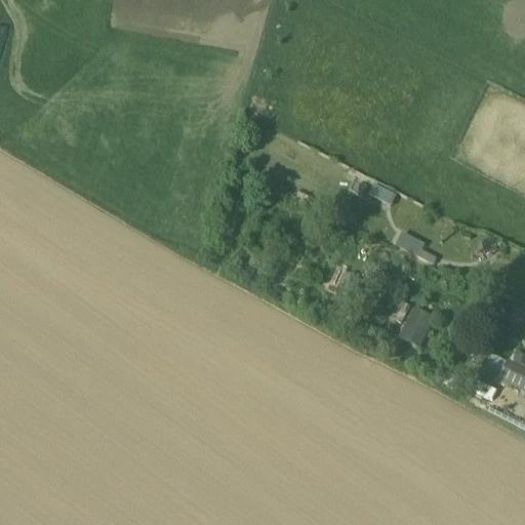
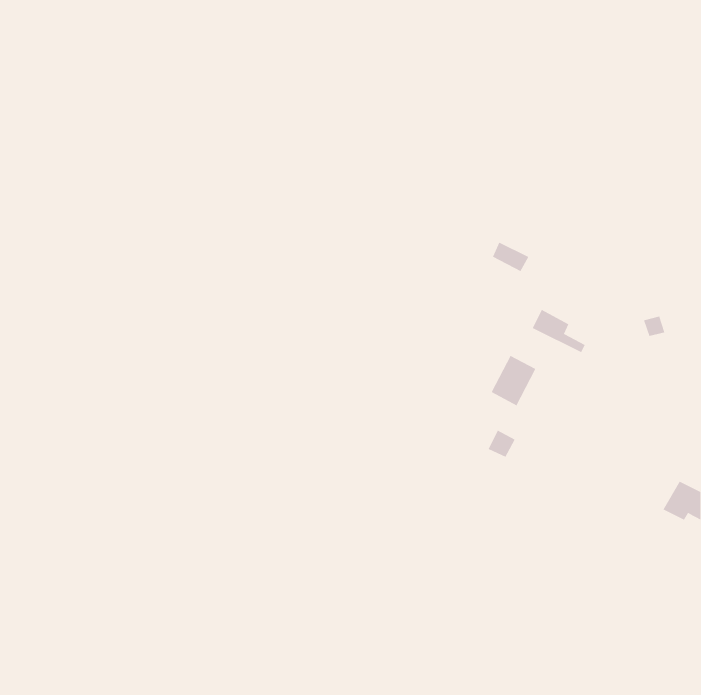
building: [399,308,433,346] -> [491,355,536,406]

